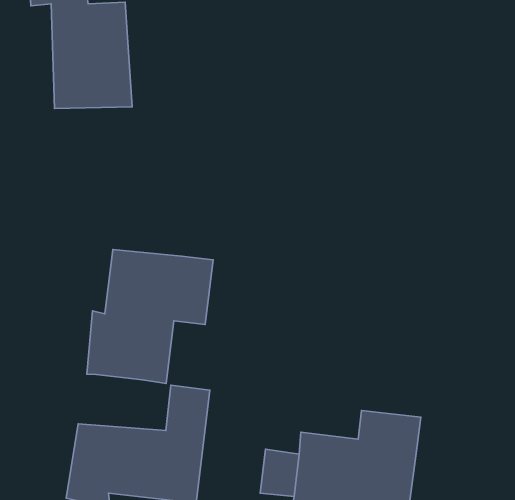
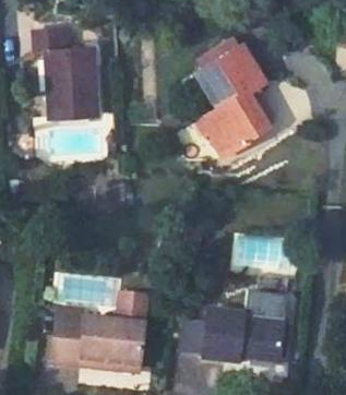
building: none -> [202,47,269,158]
building: [87,249,213,383] -> none

